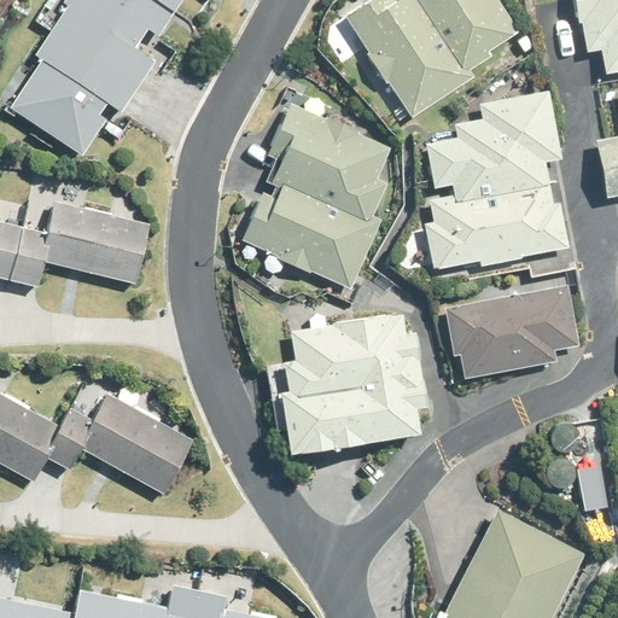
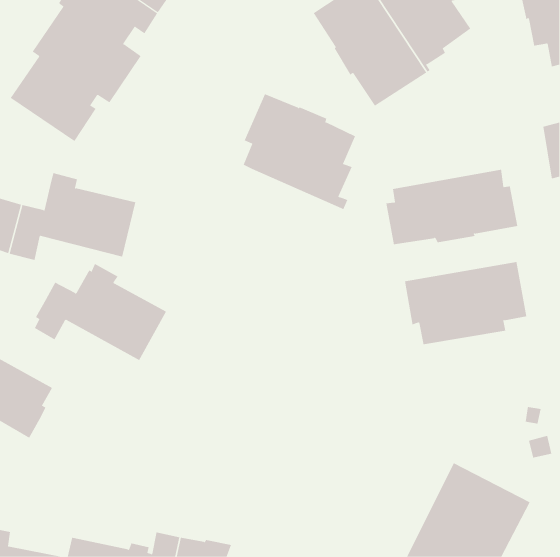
building: [426,92,564,208] -> none
building: [243,186,378,288] -> none
building: [269,319,431,456] -> none
building: [46,386,192,494] -> [34,263,167,361]

